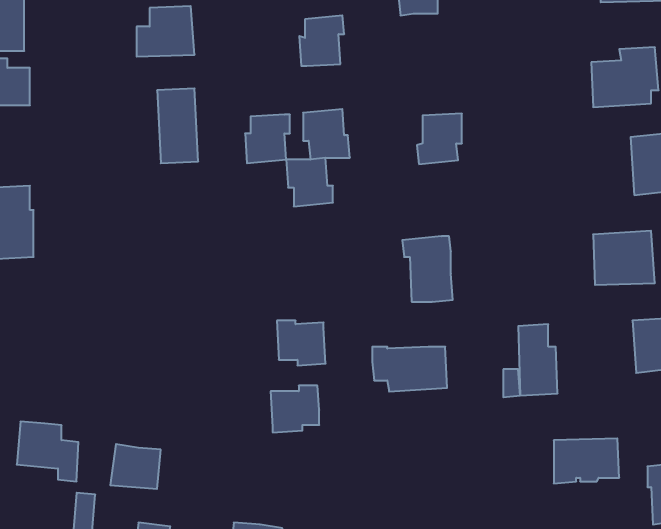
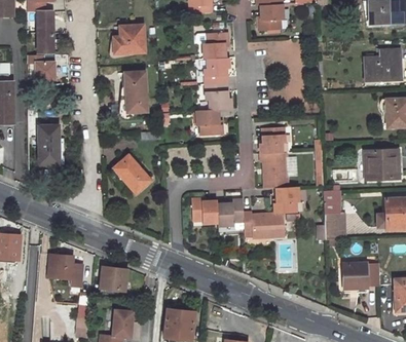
building: [417,114,462,164] -> [259,126,284,154]
building: [245,115,290,163] -> [205,58,229,84]
building: none -> [115,154,151,192]
building: none -> [273,187,298,213]
building: [271,386,319,432] -> [217,199,244,225]

